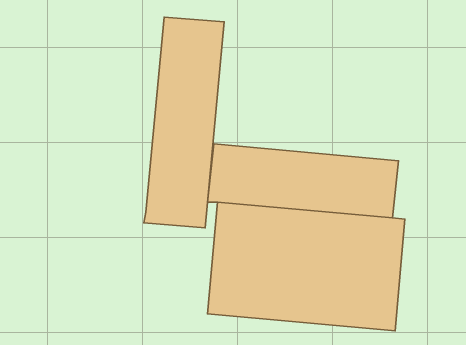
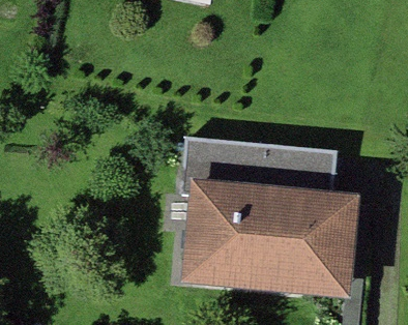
building: [144,17,224,228] -> none

